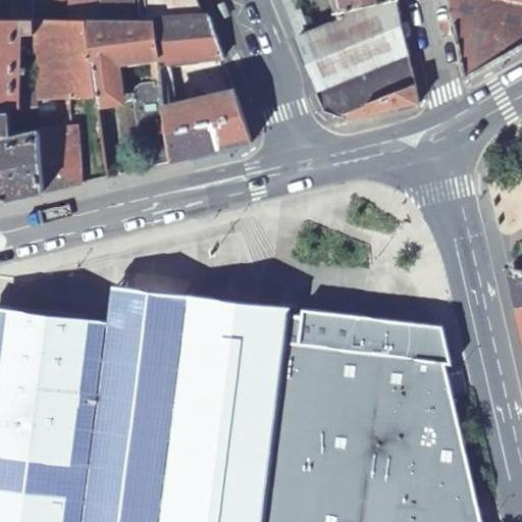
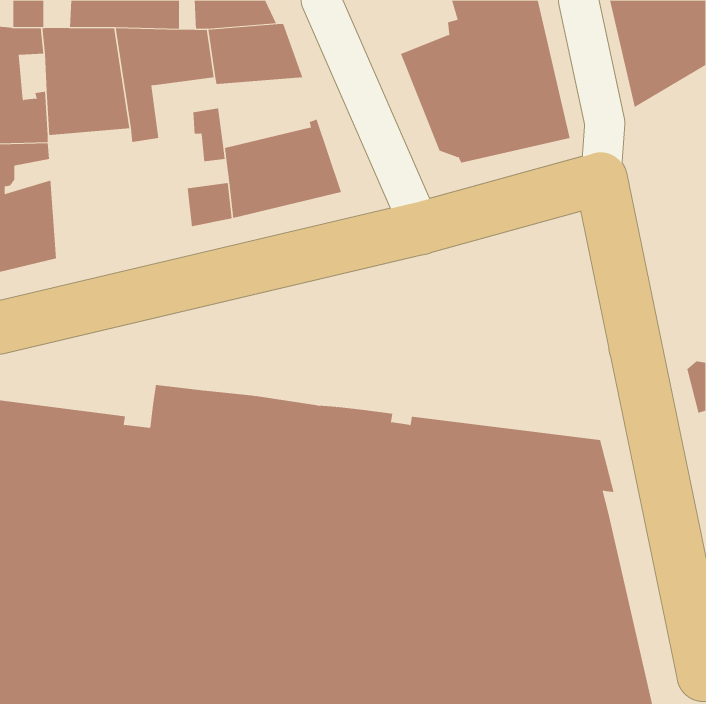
building: [38,123,80,193] -> none

